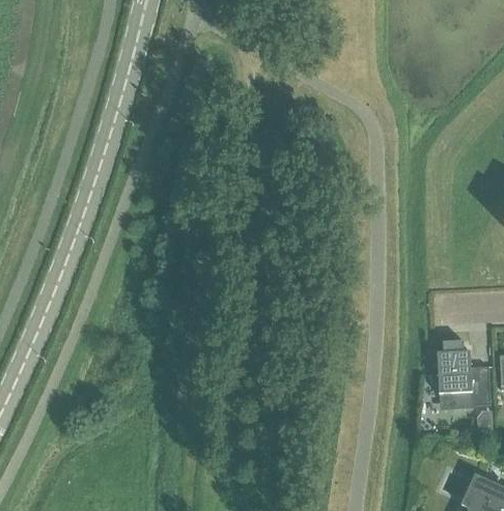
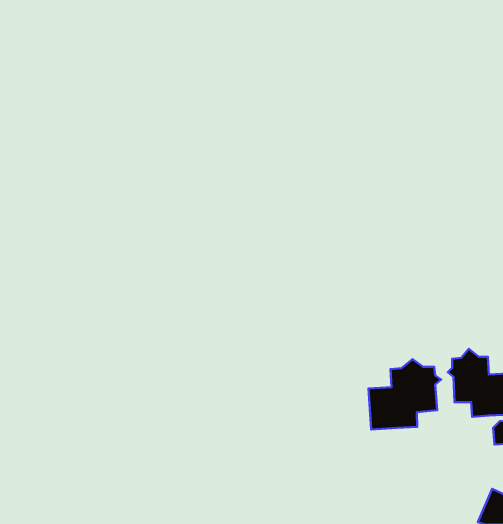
building: none -> [369,359,441,429]

